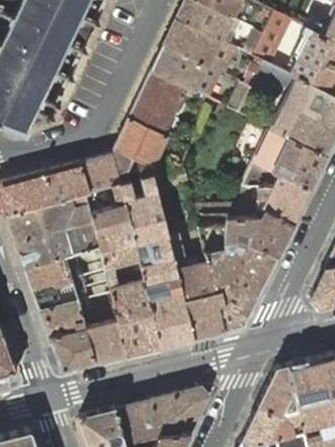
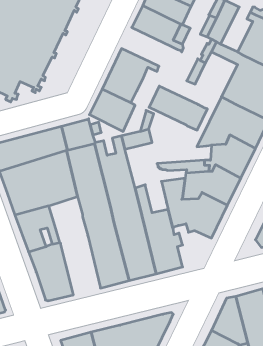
building: [152,44,221,97] -> [149,86,207,130]
building: [65,246,127,362] -> none
building: [213,278,259,329] -> none

